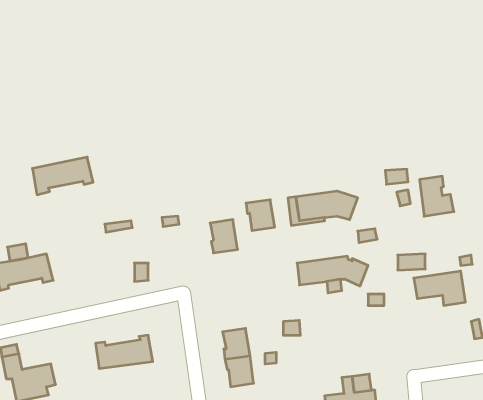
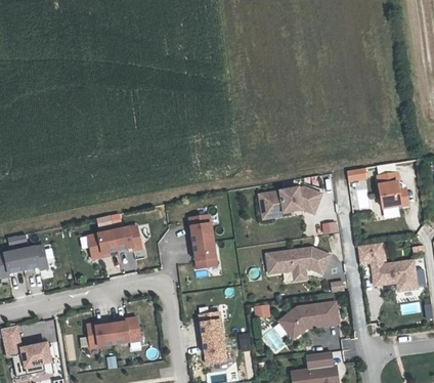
building: [32,157,93,195] -> [88,224,142,258]
building: [246,200,275,231] -> [192,240,218,267]
building: none -> [279,300,339,338]

